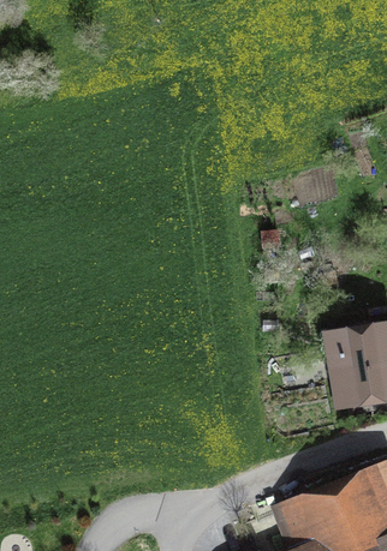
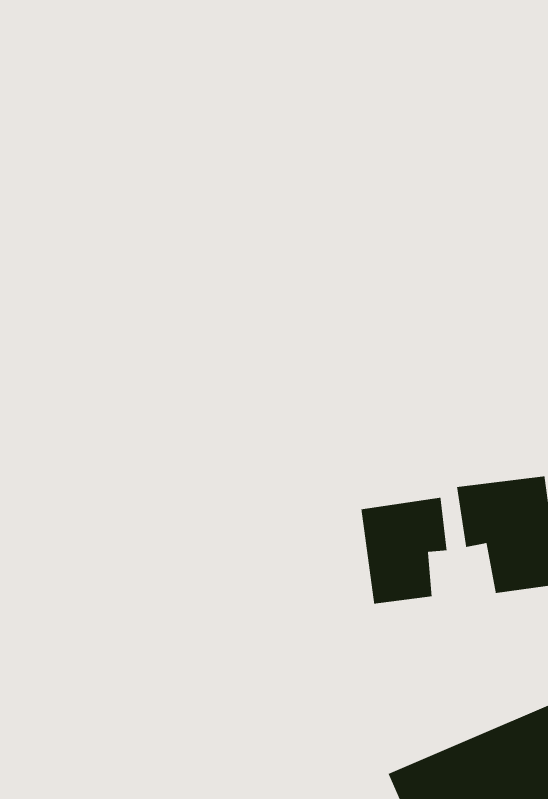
building: none -> [360,497,448,605]

